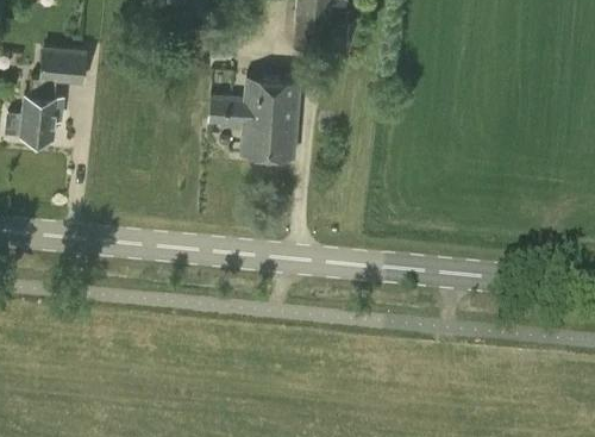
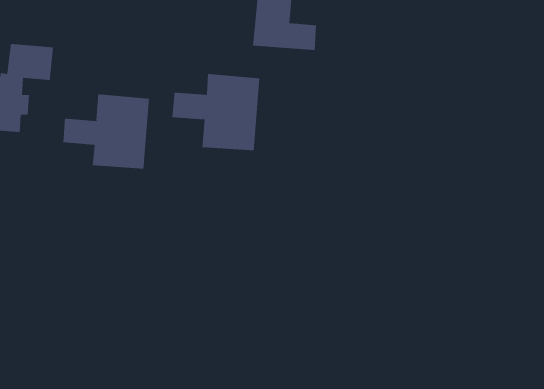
building: none -> [63,93,150,170]

